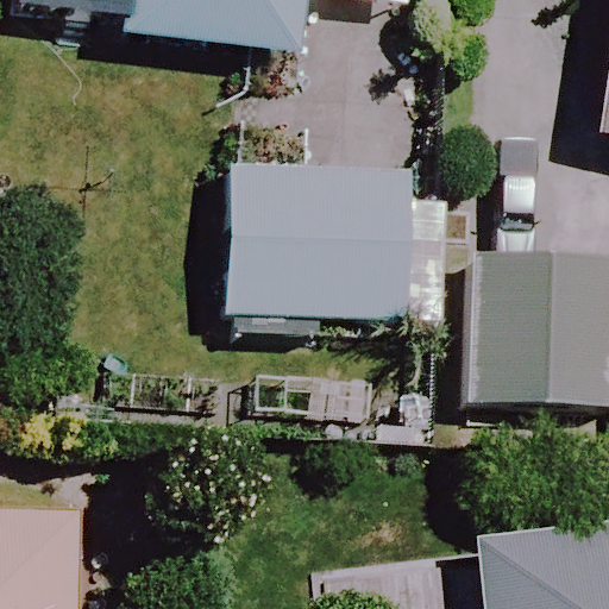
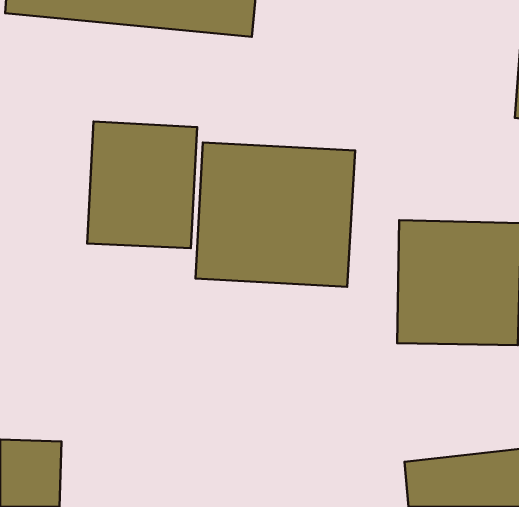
building: none -> [87,122,197,248]

